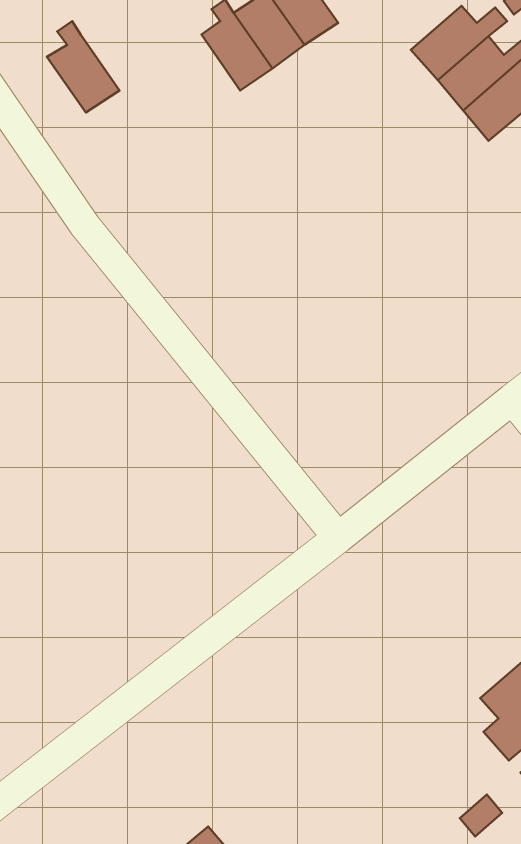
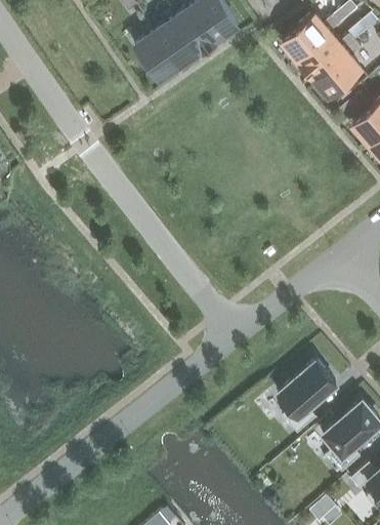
building: [47,21,120,112] -> [134,24,178,79]
building: none -> [278,361,336,434]

